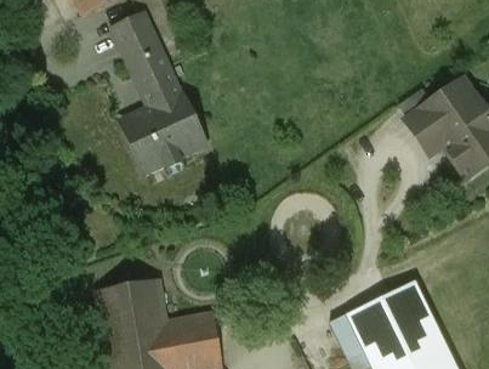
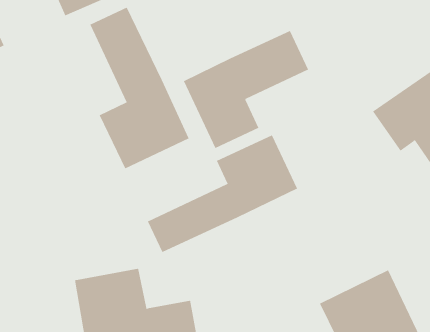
building: none -> [183,30,309,149]
building: none -> [147,134,298,253]

